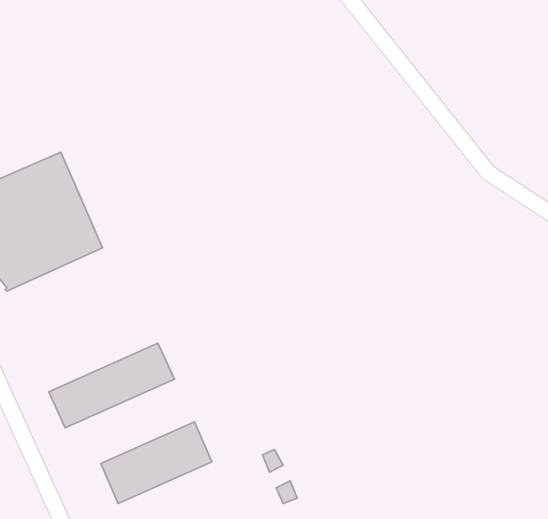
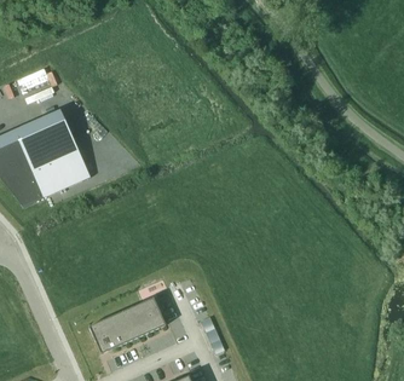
building: [49,343,174,428] -> none

